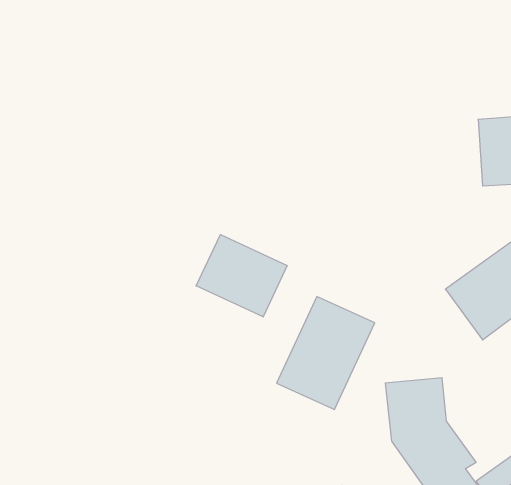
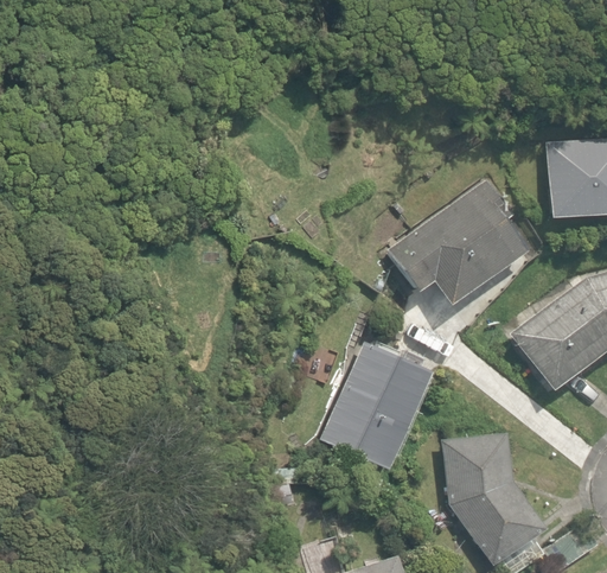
building: none -> [389,179,526,305]
building: [196,235,287,317] -> none

